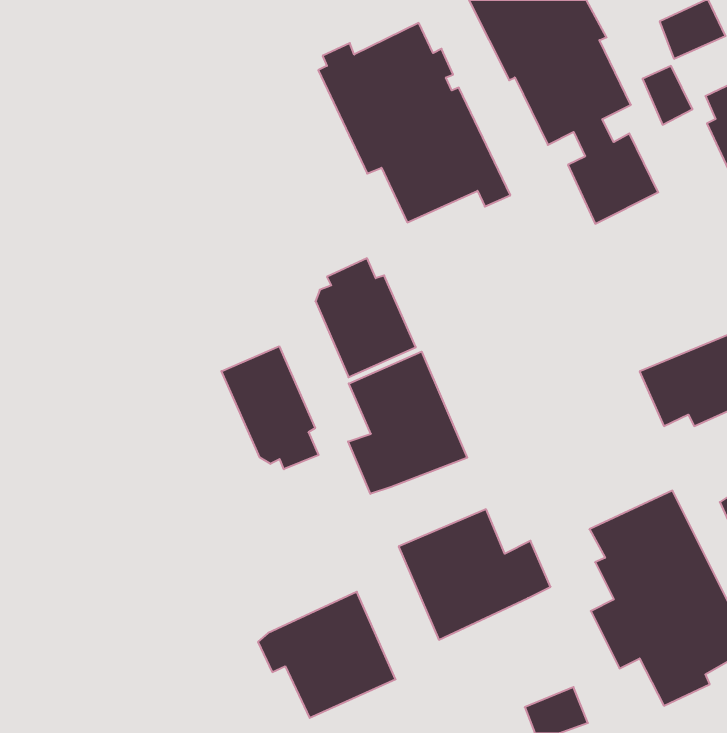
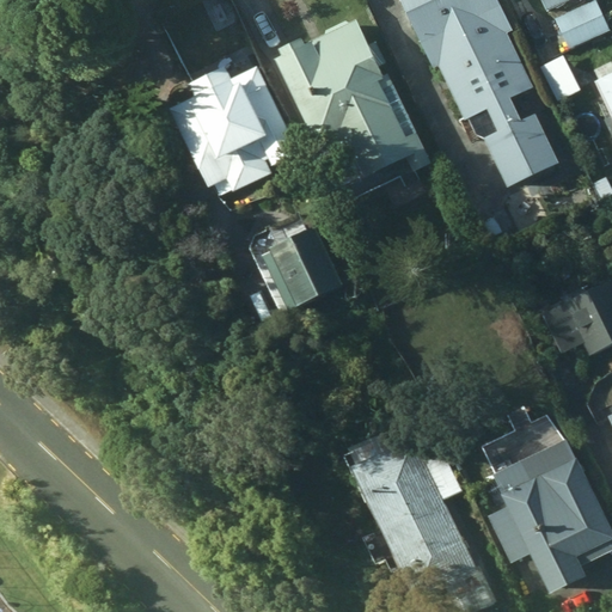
building: none -> [173,62,305,191]
building: [221,346,319,469] -> none
building: [348,352,467,494] -> none
building: [258,592,396,718] -> [362,498,477,604]

